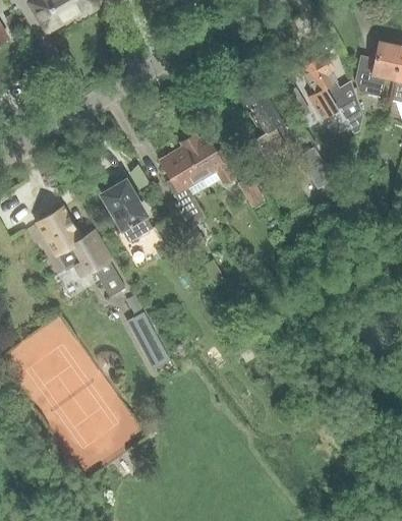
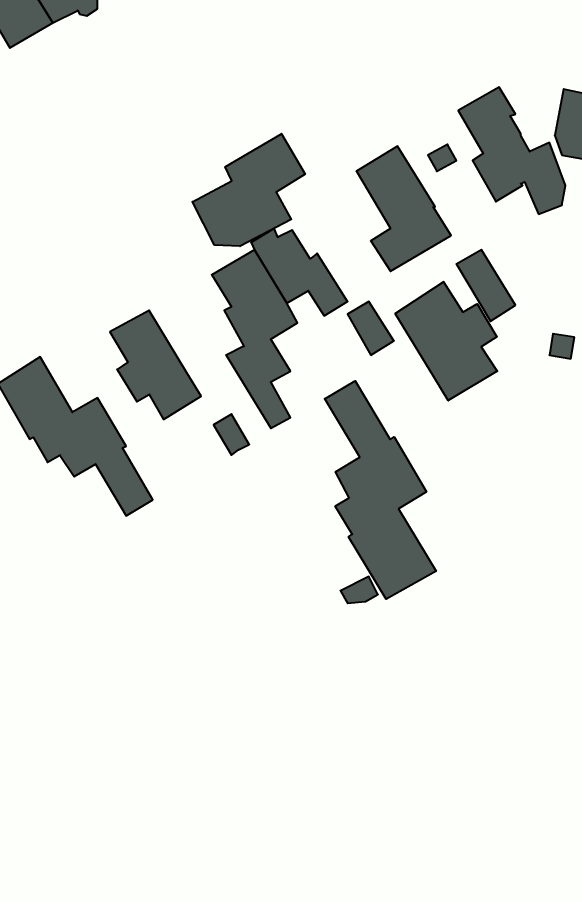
building: none -> [192,134,305,246]
building: none -> [395,282,497,401]
building: none -> [325,381,436,599]
building: [127,311,169,367] -> none

